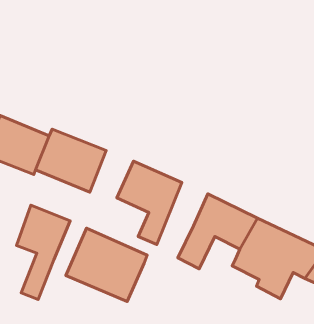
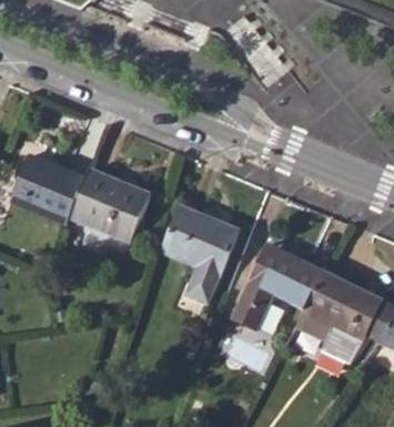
building: [16,205,70,299] -> none
building: [66,228,147,302] -> none

